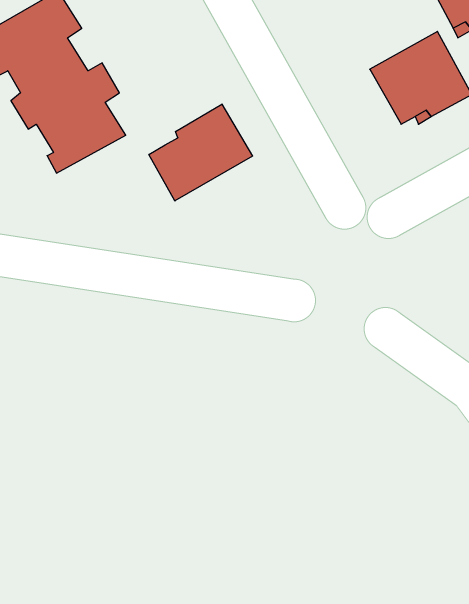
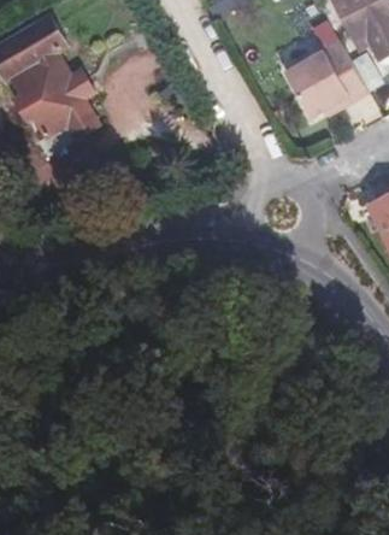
building: [149,104,253,201] -> none

